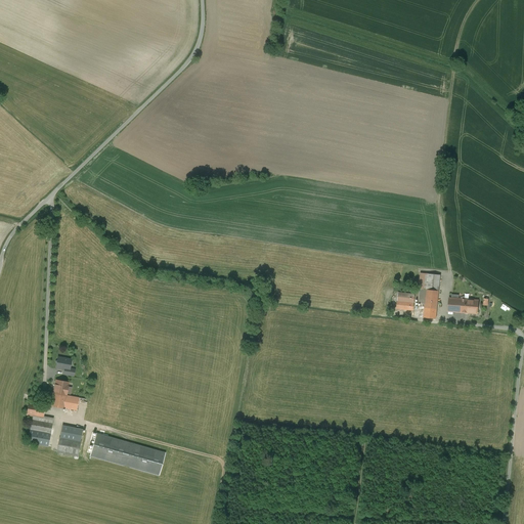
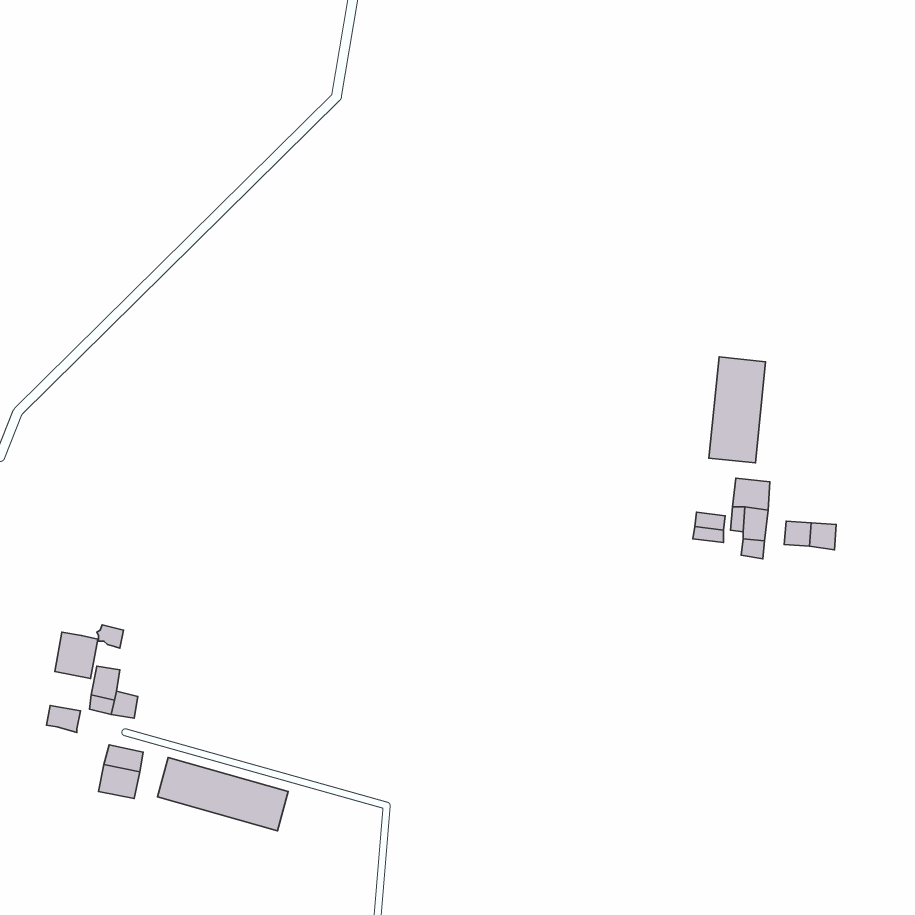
building: none -> [709,357,765,463]
building: [28,420,52,446] -> [55,632,98,679]

